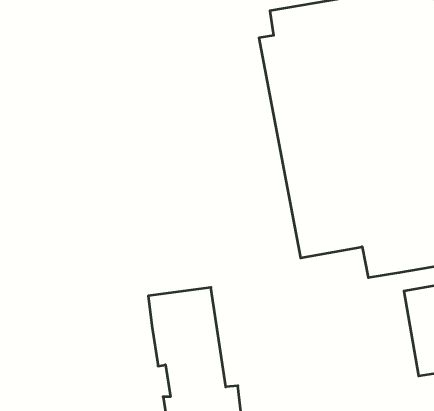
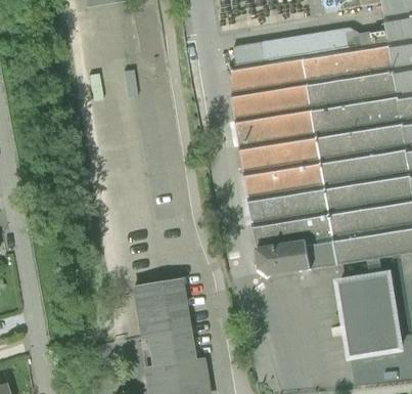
building: none -> [258,243,314,276]

